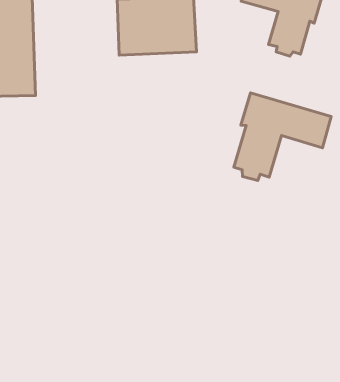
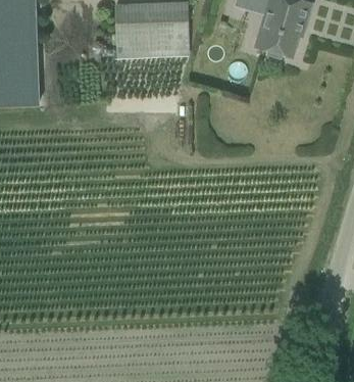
building: [234,93,331,181] -> none

